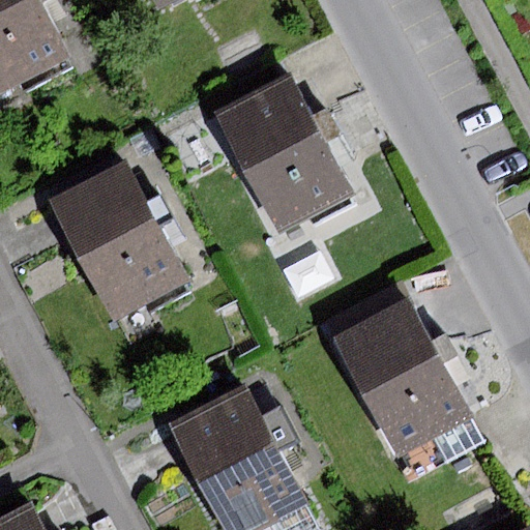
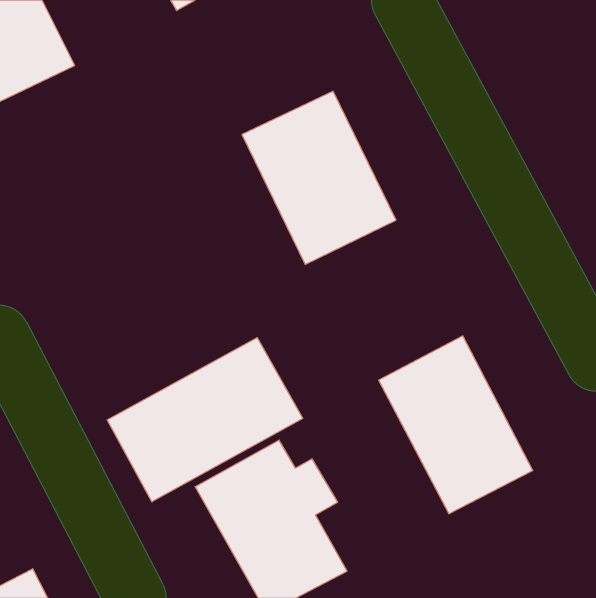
building: [50,165,187,322] -> none
building: none -> [107,338,303,502]

